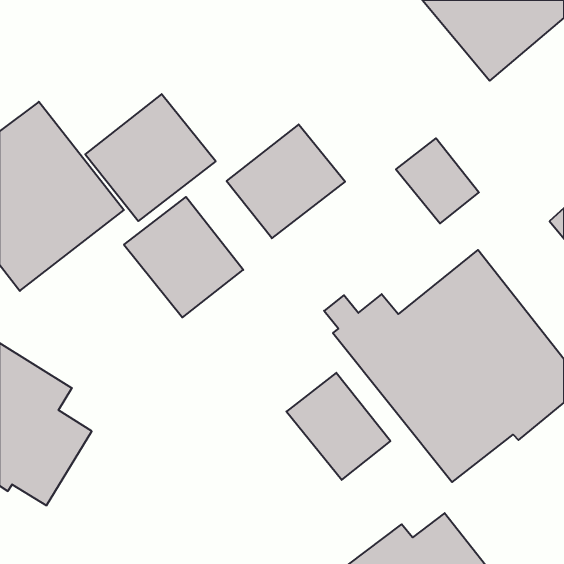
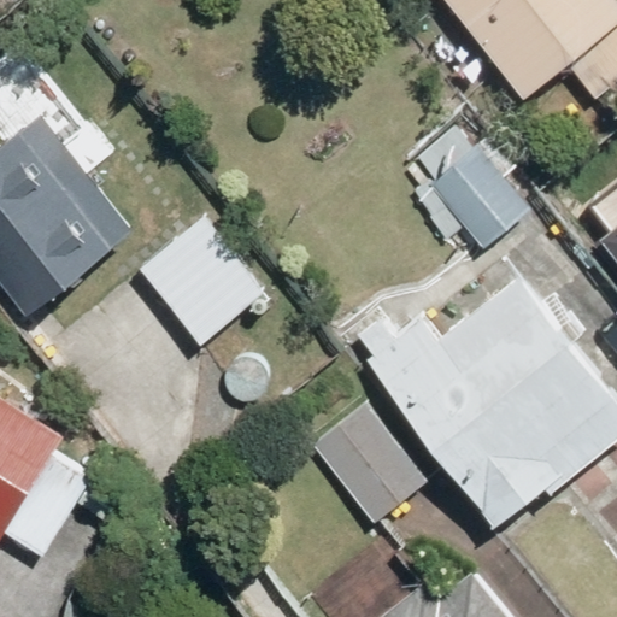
building: [85,94,216,221] -> none
building: [227,124,345,238] -> none

